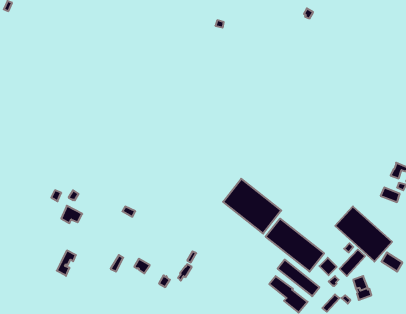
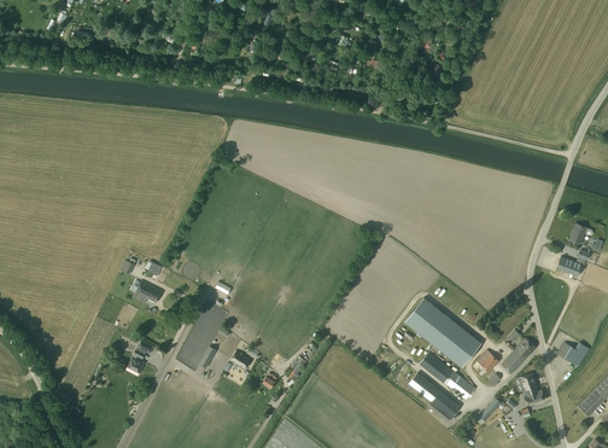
building: [223,179,281,234] -> none
building: [335,206,392,262] -> none

